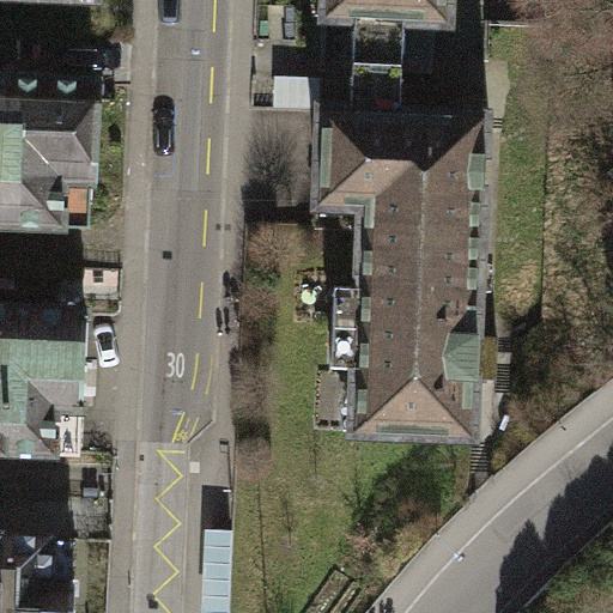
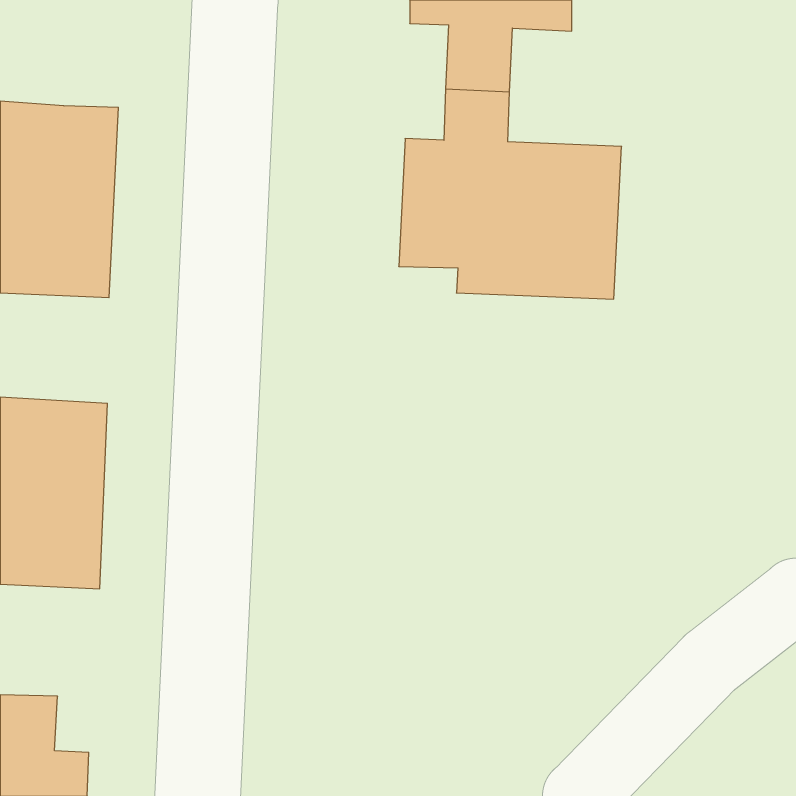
building: [321,225,486,437] -> none

